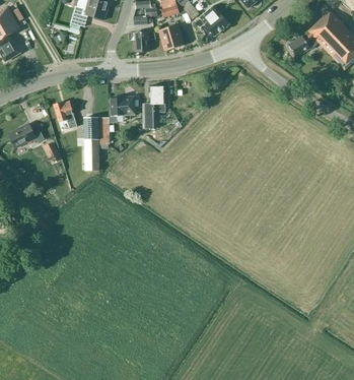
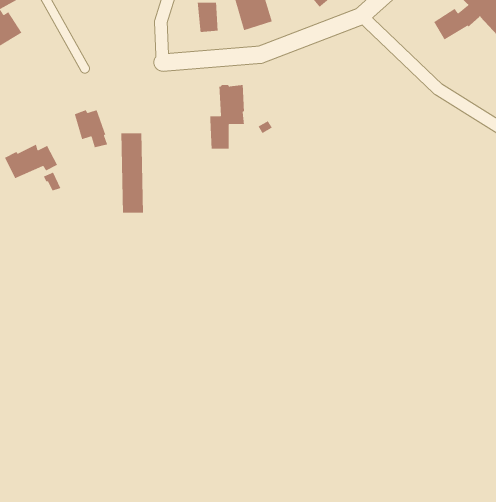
building: [99,96,135,147] -> none

